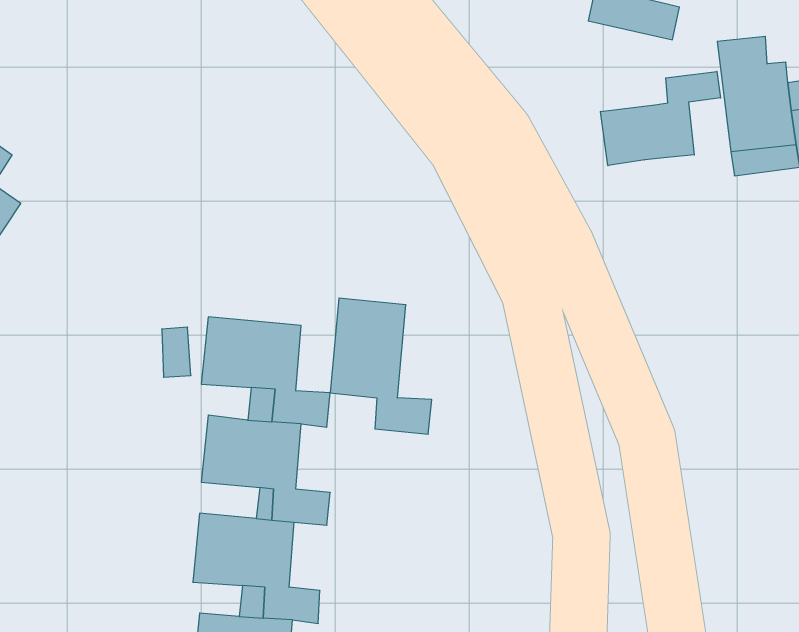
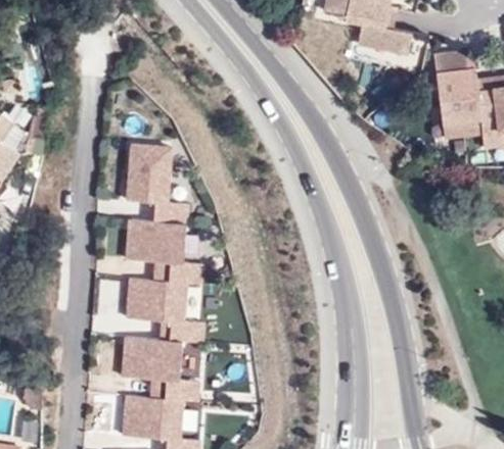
building: [601,71,721,166] -> none
building: [330,298,432,434] -> [128,144,188,224]

